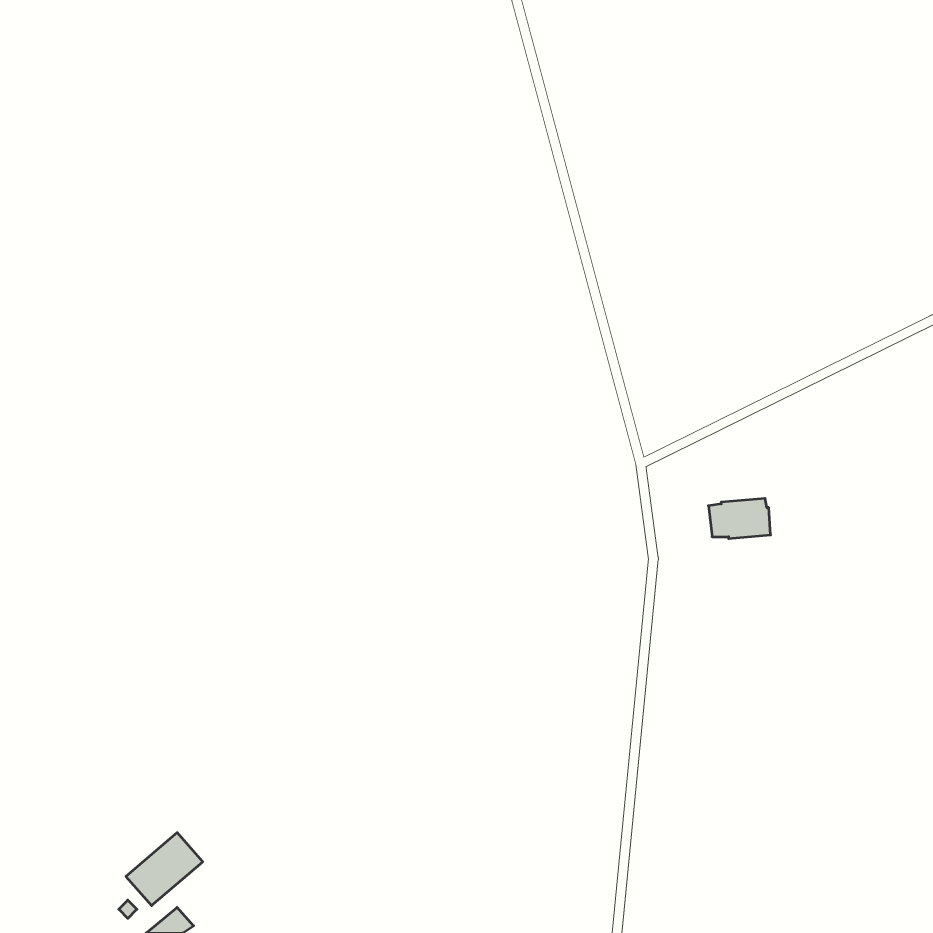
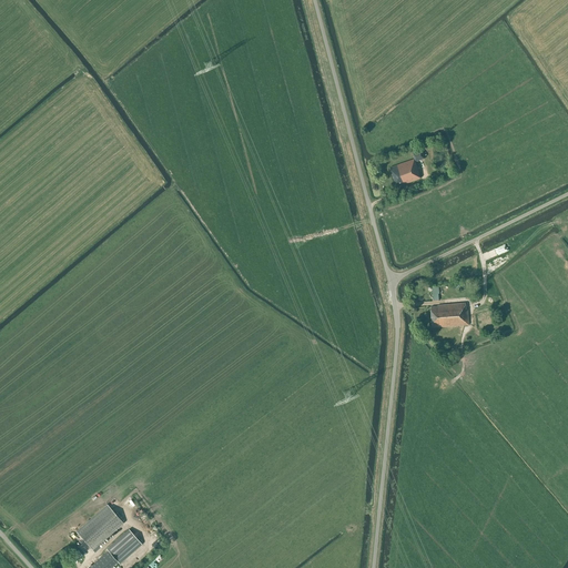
building: none -> [389,150,425,185]
building: none -> [106,531,139,562]

